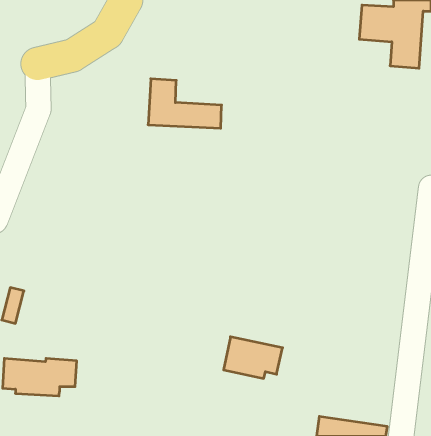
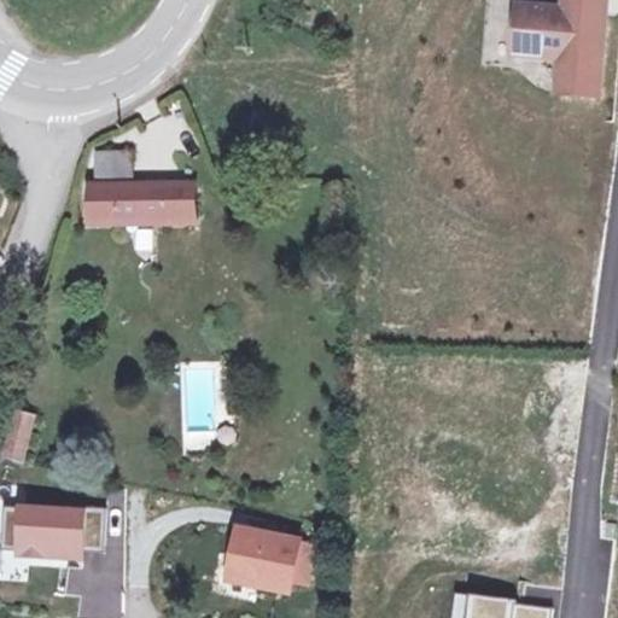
building: [148,79,222,128] -> [87,151,191,221]
building: [224,337,283,378] -> [233,535,316,594]

